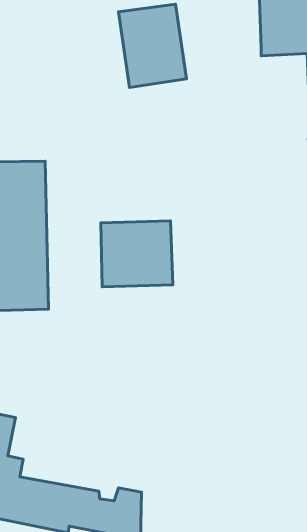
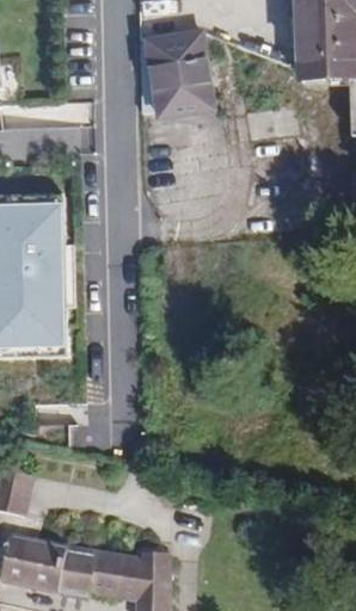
building: [101,221,173,287] -> none

